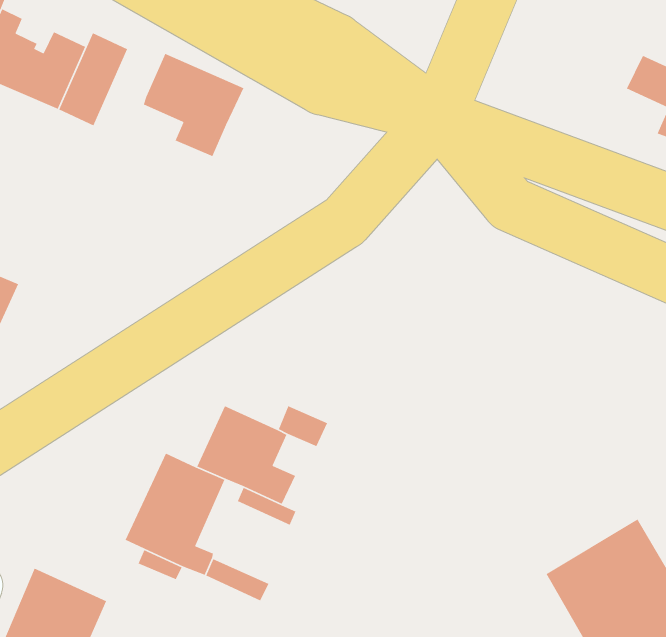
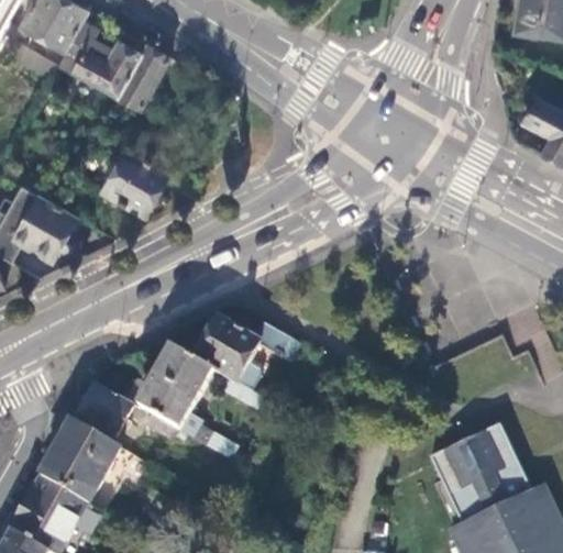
building: [143,53,245,157] -> none
building: none -> [101,150,170,218]
building: none -> [73,383,132,439]

